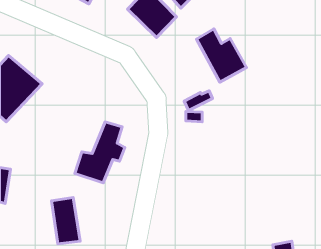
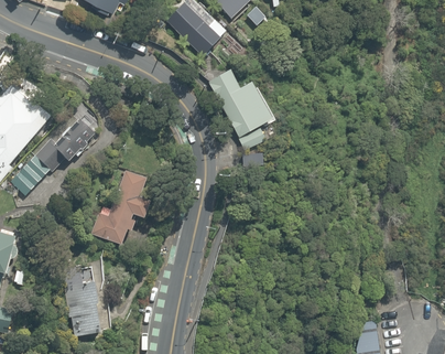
building: [197,29,247,82] -> [208,71,272,139]
building: none -> [8,111,96,196]

